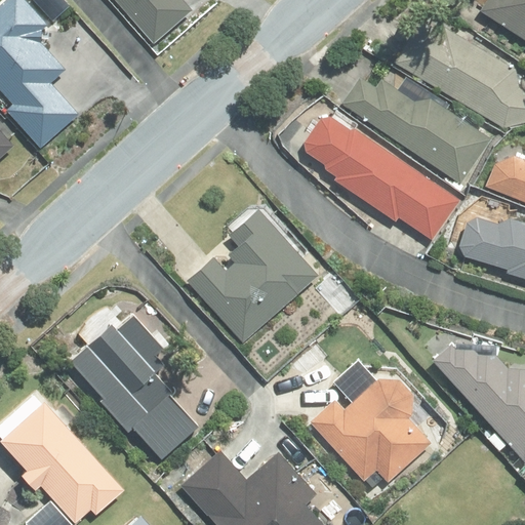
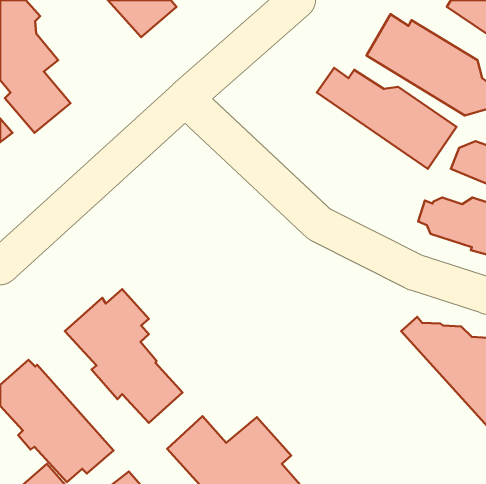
building: [302,115,459,238] -> none
building: [187,208,318,341] -> none
building: [312,377,432,483] -> none

